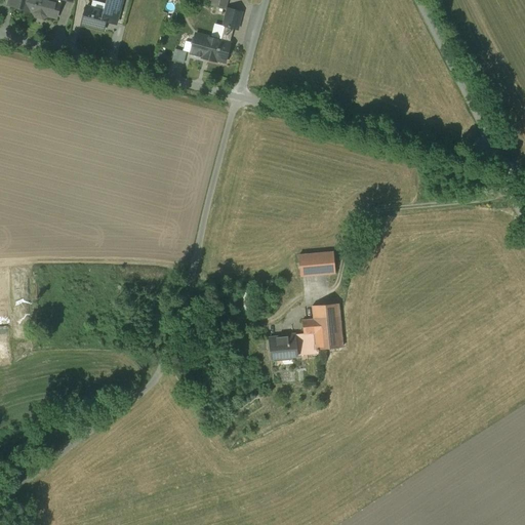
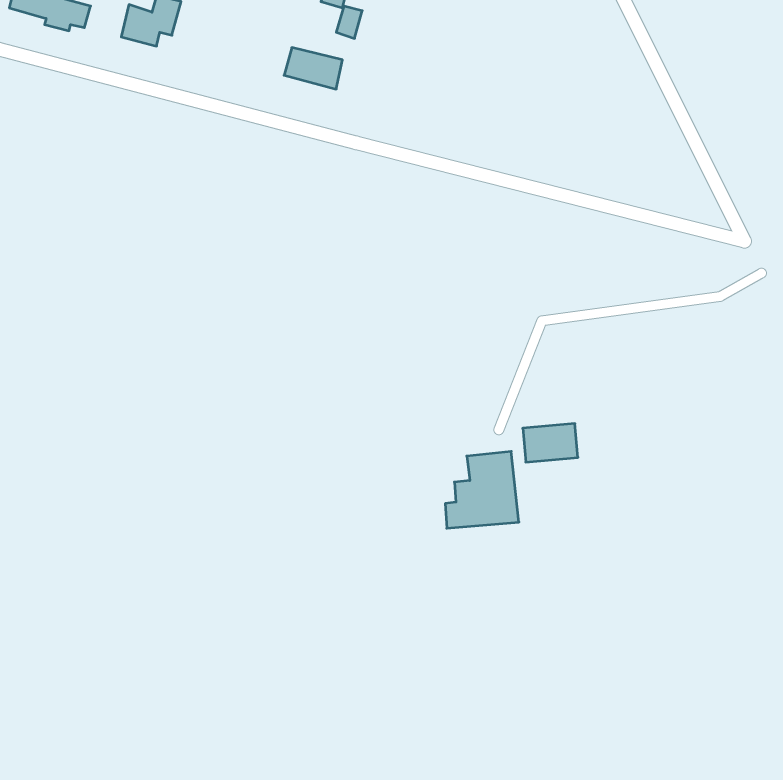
building: [297,250,334,276] -> [523,424,578,462]
building: [270,331,299,362] -> none

